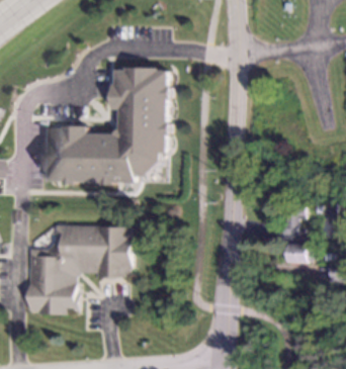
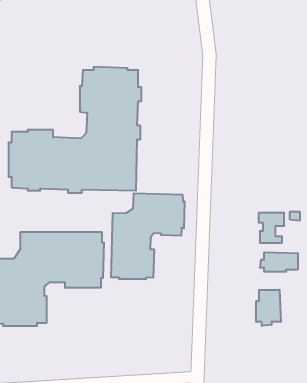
building: none -> [111,193,185,279]
building: none -> [256,290,281,326]

